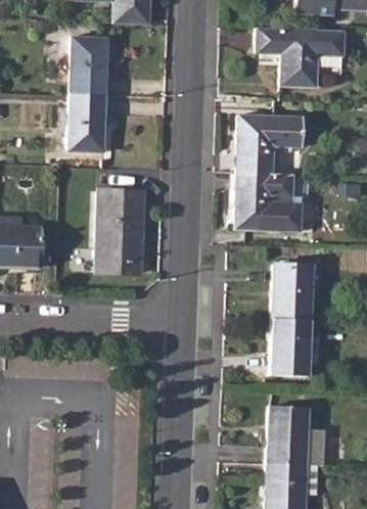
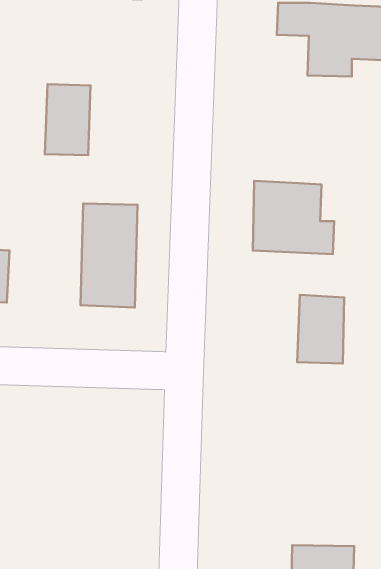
building: [71,36,107,94] -> none
building: [237,114,302,173] -> none
building: [271,317,309,375] -> none
building: [268,407,325,466] -> none

